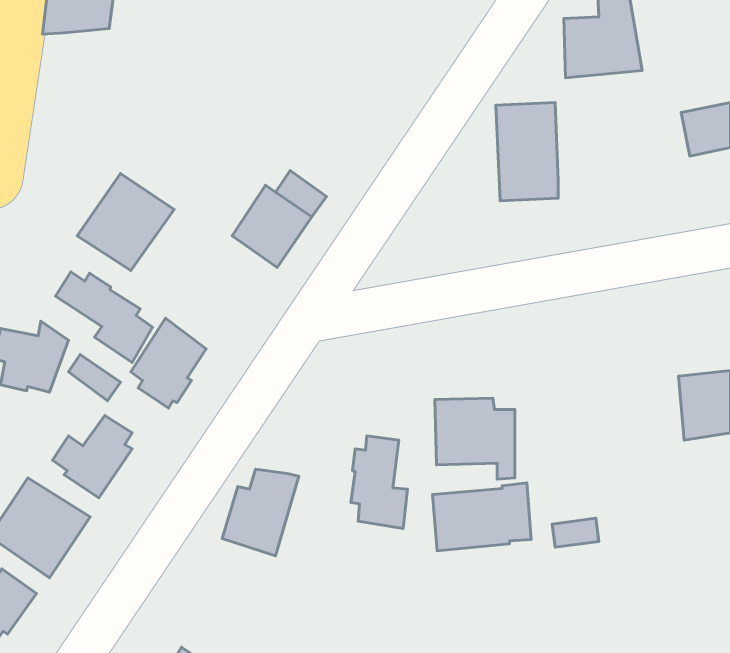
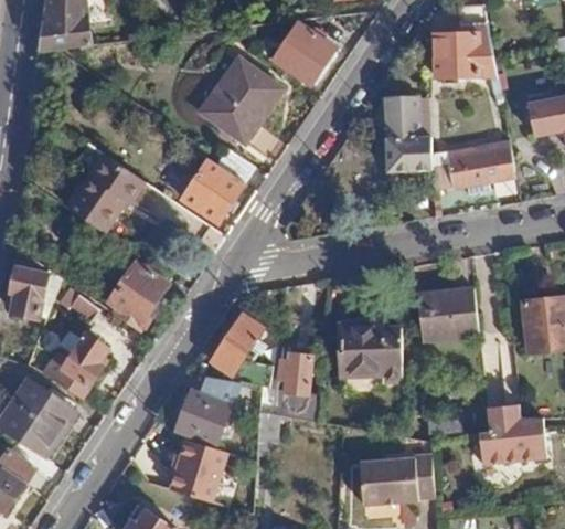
building: none -> [282,28,338,84]
building: none -> [200,62,281,147]
building: none -> [431,142,514,189]
building: [56,272,153,362] -> none
building: none -> [422,290,478,346]
building: none -> [210,311,269,388]
building: [433,483,531,551] -> [358,451,433,502]
building: none -> [479,405,546,464]
building: none -> [168,435,223,497]

